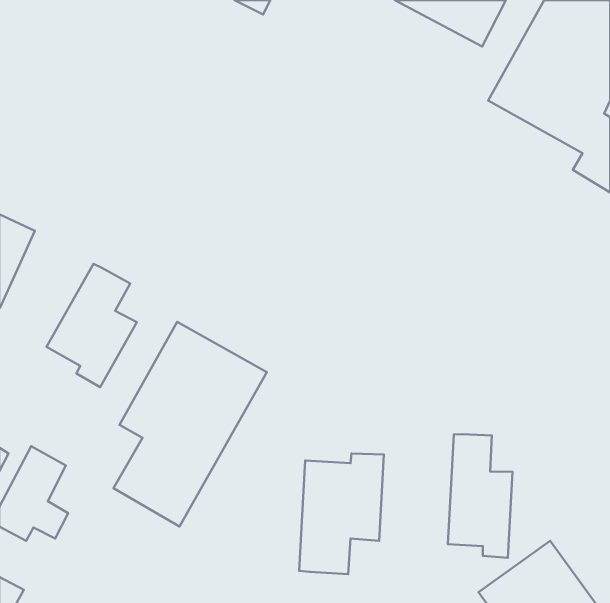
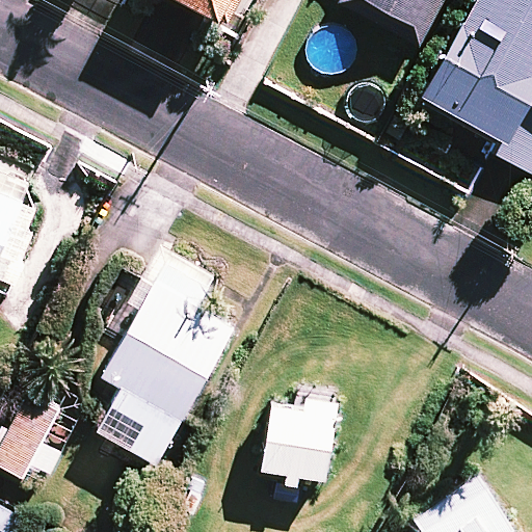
building: [47,264,137,387] -> none
building: [448,434,513,558] -> none

